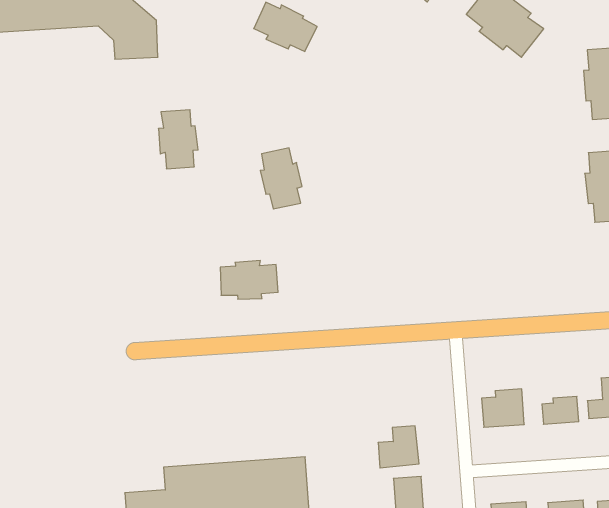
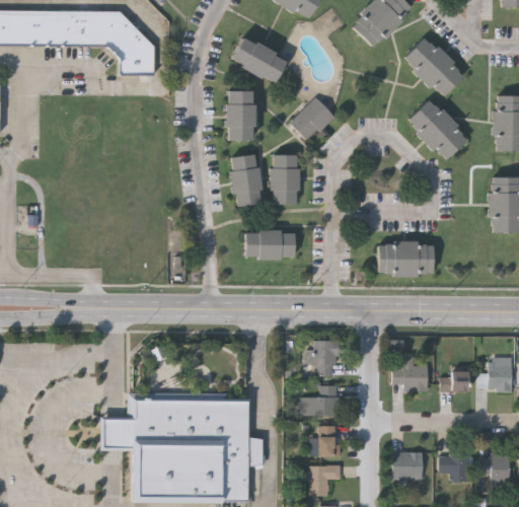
building: none -> [409,99,468,159]
building: none -> [292,98,336,140]
building: [158,110,198,169] -> [225,92,255,138]
building: none -> [271,155,300,201]
building: none -> [377,240,434,277]
building: [220,261,278,299] -> [248,230,294,261]
building: none -> [309,340,338,375]

